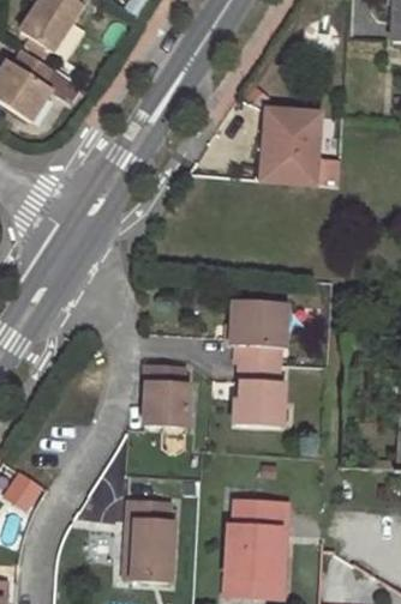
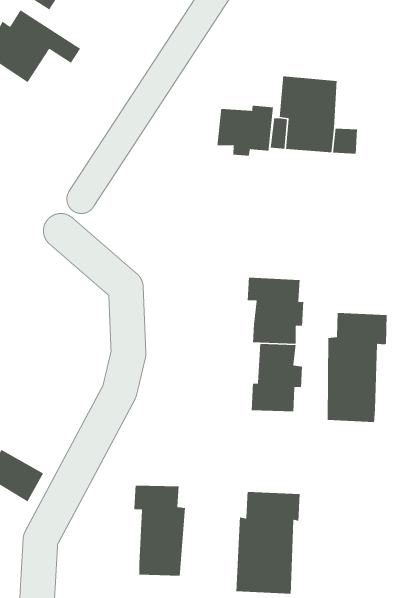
building: none -> [217,105,274,156]
building: none -> [327,312,388,423]
building: [148,363,190,427] -> none

